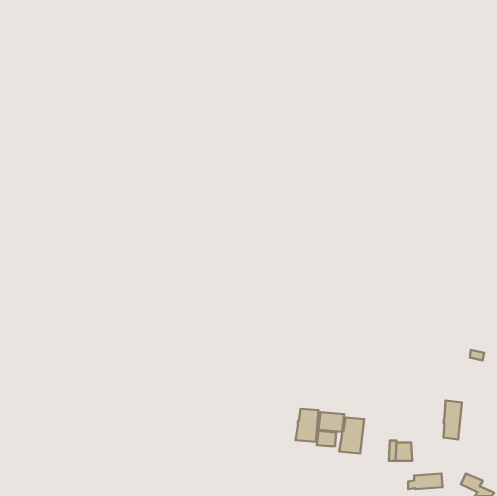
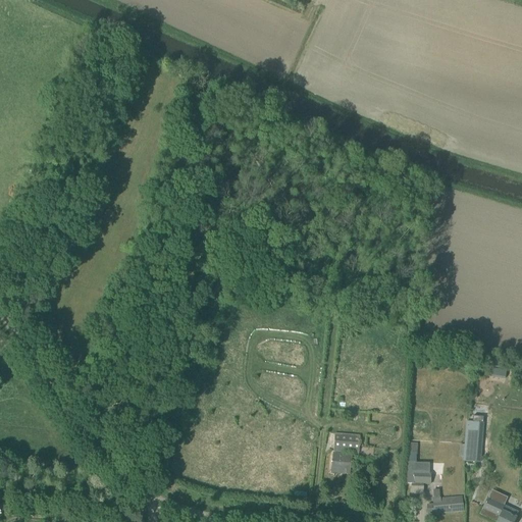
building: [296,409,319,442] -> none
building: [339,417,364,454] -> none

